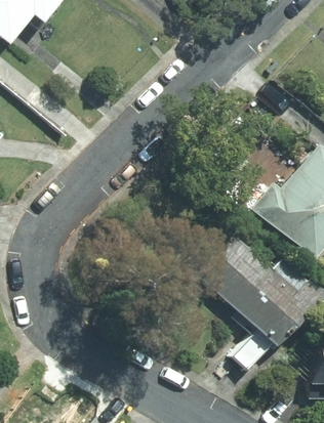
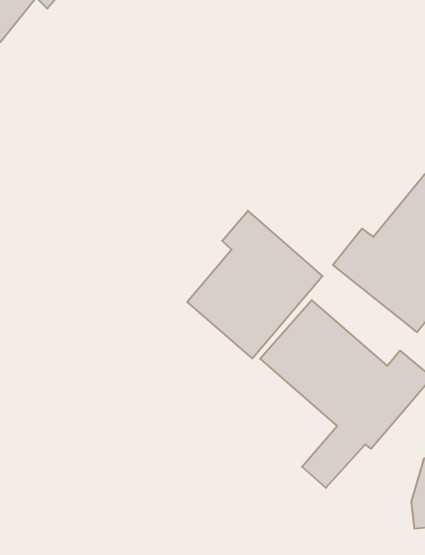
building: none -> [187,211,323,358]

